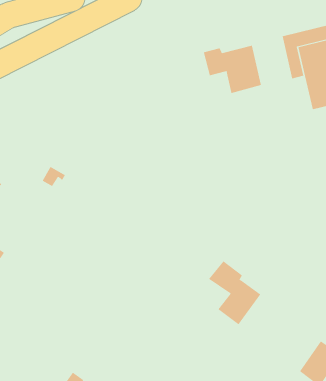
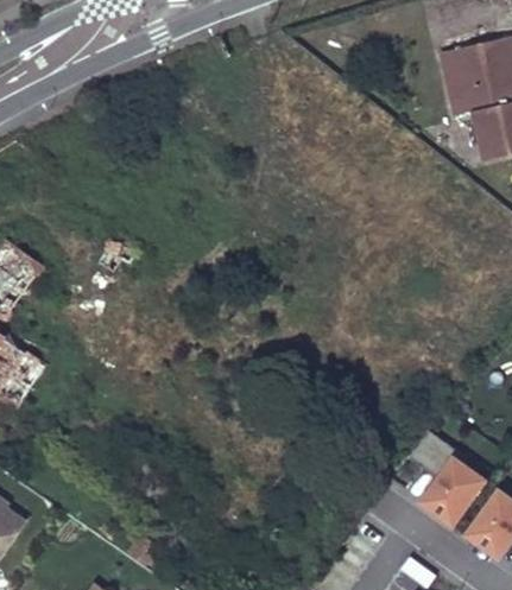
building: [203,45,262,94] -> none
building: [208,261,261,325] -> [407,432,483,525]

